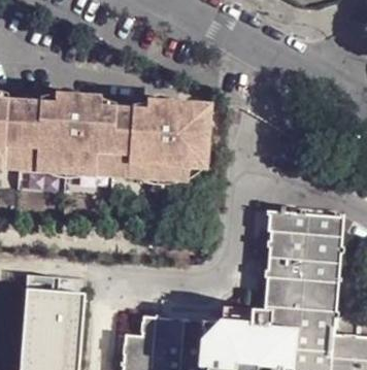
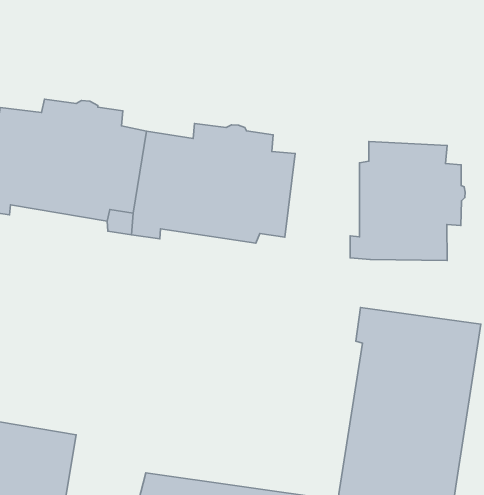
building: none -> [350,142,465,261]

